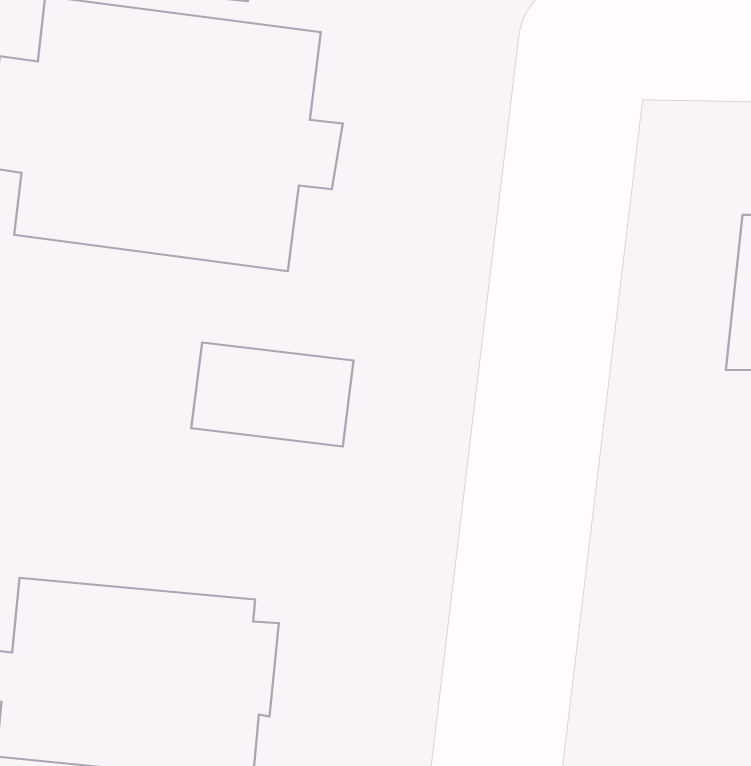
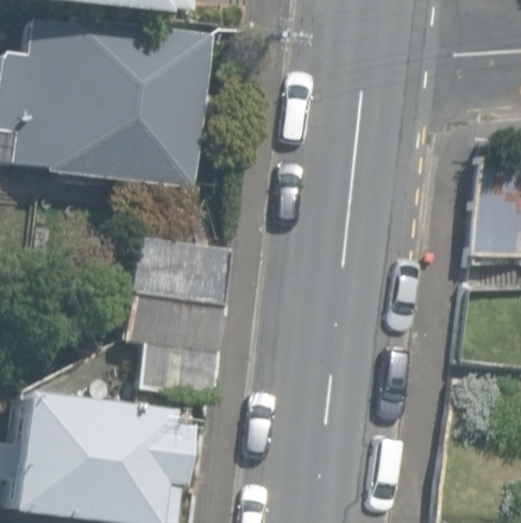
building: none -> [124,294,227,398]

